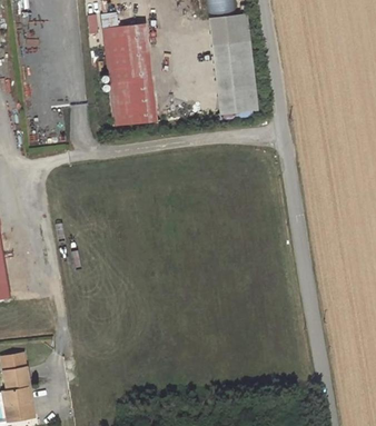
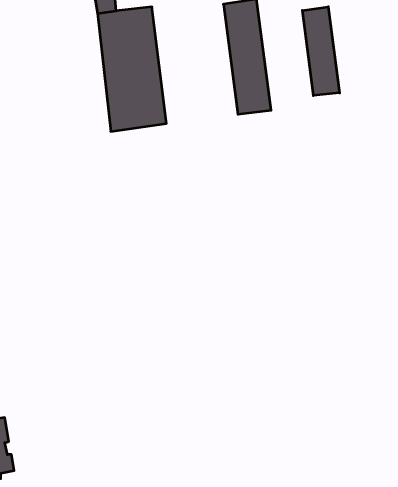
building: none -> [302,7,340,96]

